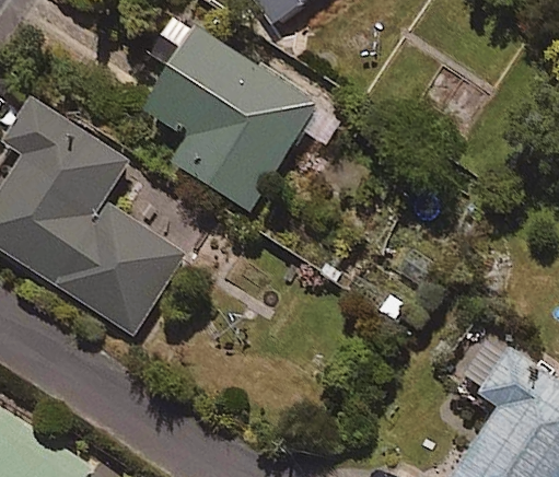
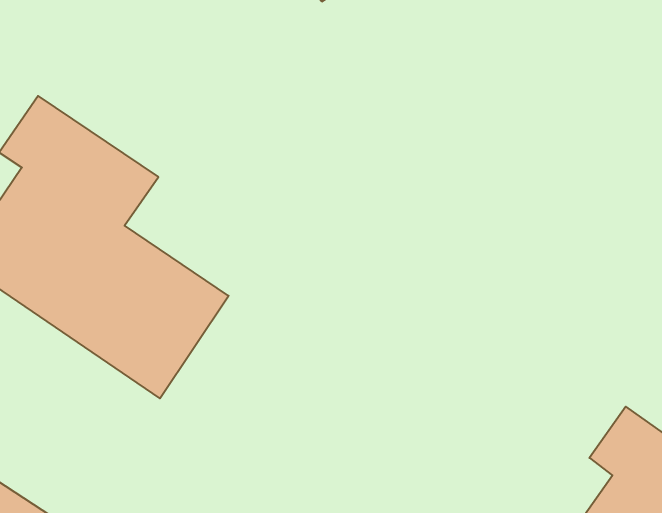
building: [145,25,321,213] -> none

